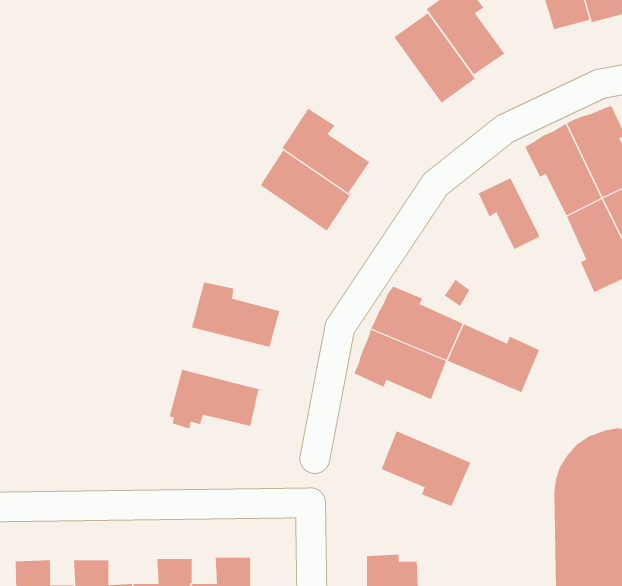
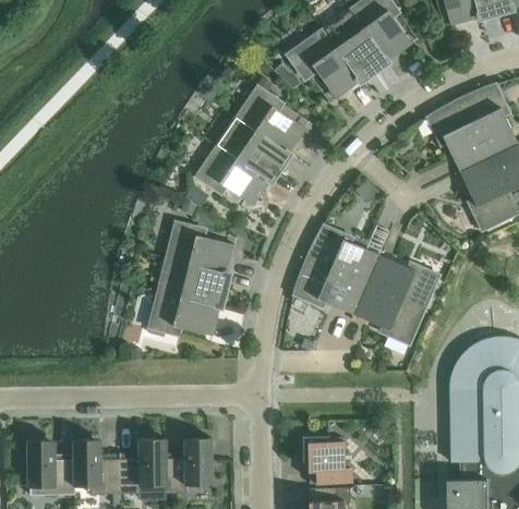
building: none -> [287,28,362,98]
building: [478,177,541,250] -> none
building: none -> [196,145,273,206]
building: none -> [158,258,231,307]
building: [381,430,471,507] -> [354,284,425,344]

